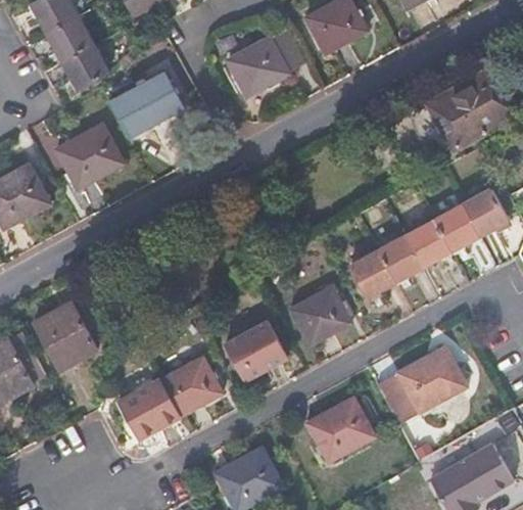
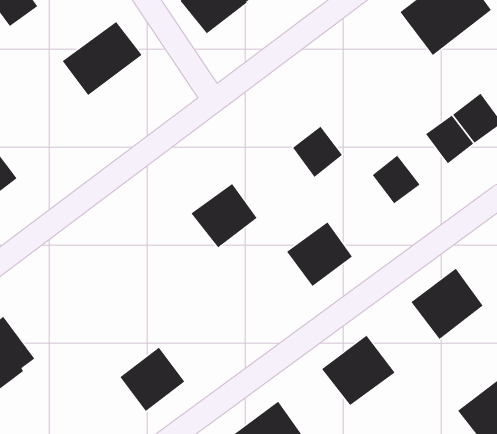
building: [64,48,107,88] -> none
building: [55,124,123,190] -> none
building: [407,220,451,266] -> none
building: [350,250,396,297] -> [292,126,343,178]
building: [33,302,95,369] -> none
building: [225,322,286,380] -> [191,183,257,248]
building: [159,357,222,416] -> none
building: [376,373,420,424] -> none

